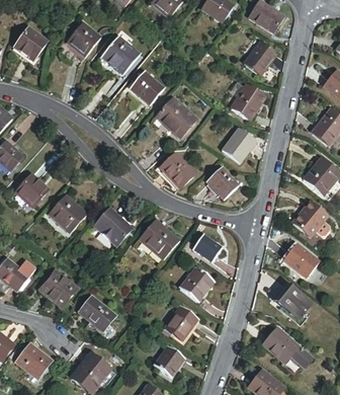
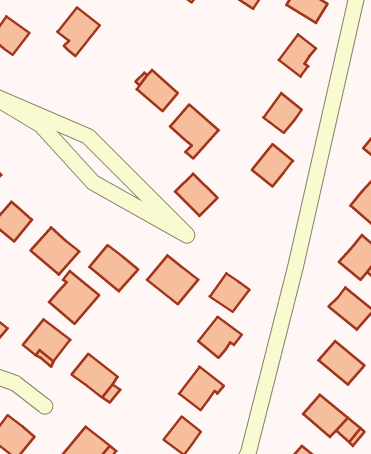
building: [104,37,141,73] -> none
building: [208,167,240,199] -> none
building: none -> [49,271,99,324]

